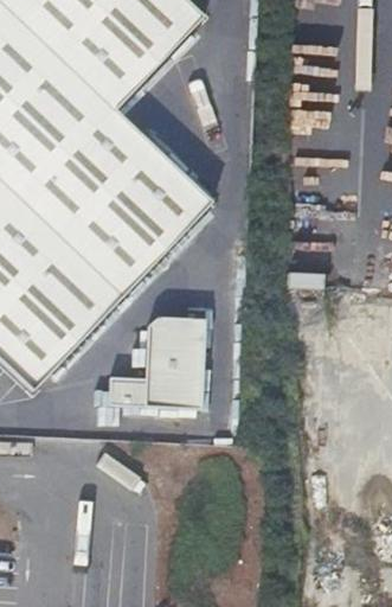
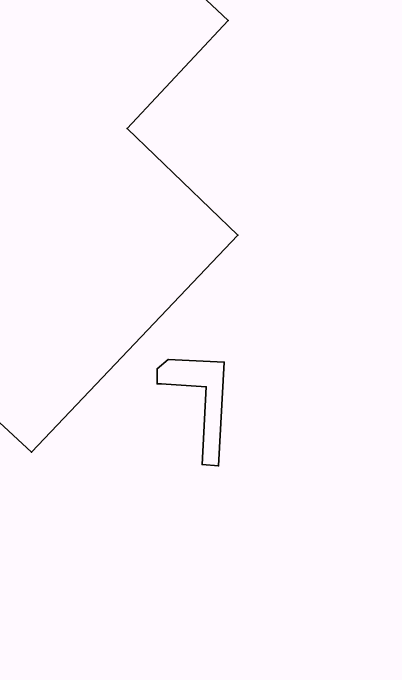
building: [102,333,184,403] -> none

